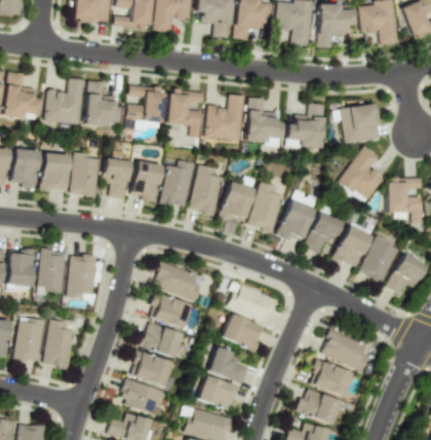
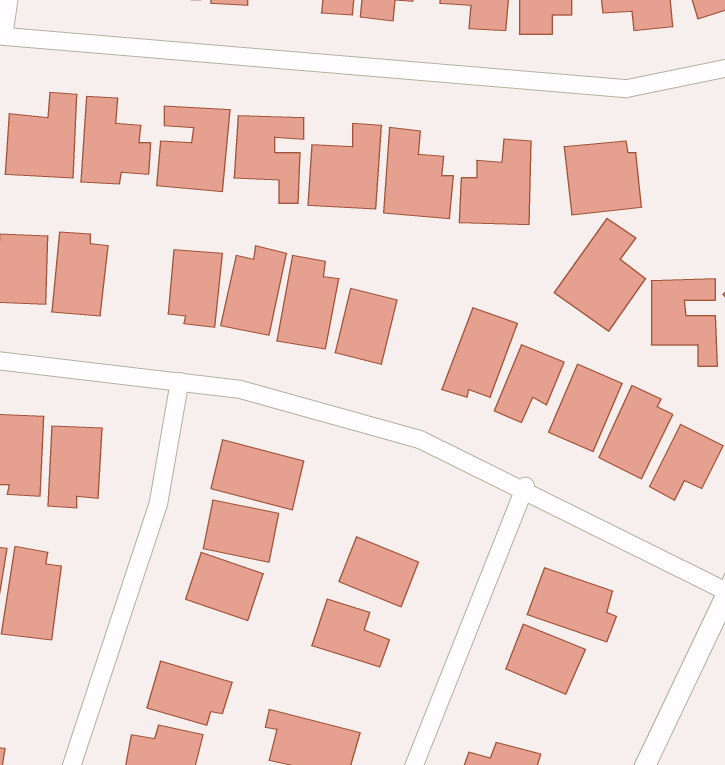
building: [103,158,128,197] -> none
building: [247,182,283,232] -> none
building: [225,282,276,323] -> none
building: [130,351,171,386] -> none
building: [198,376,238,409] -> none
building: [296,389,340,425] -> none

